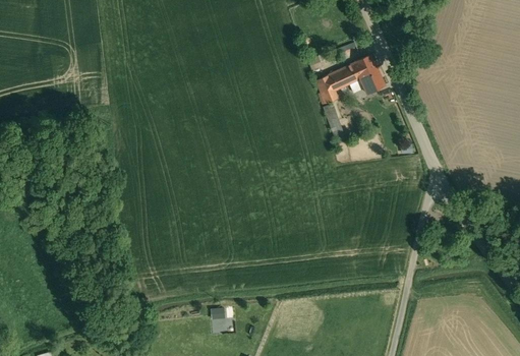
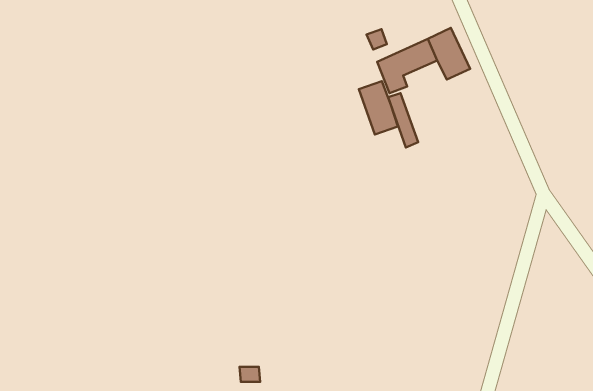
building: none -> [359,81,398,134]

